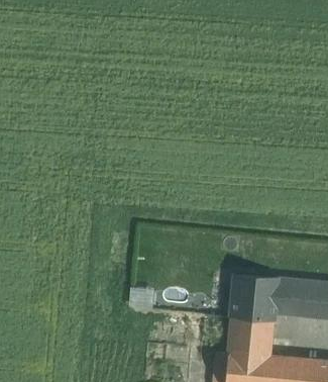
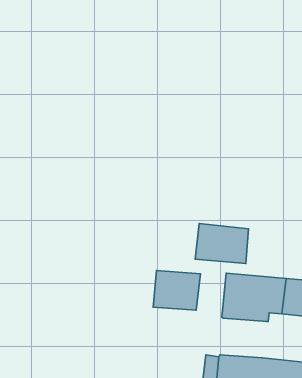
building: none -> [195,223,249,264]
building: [228,318,272,356] -> [153,271,200,310]

